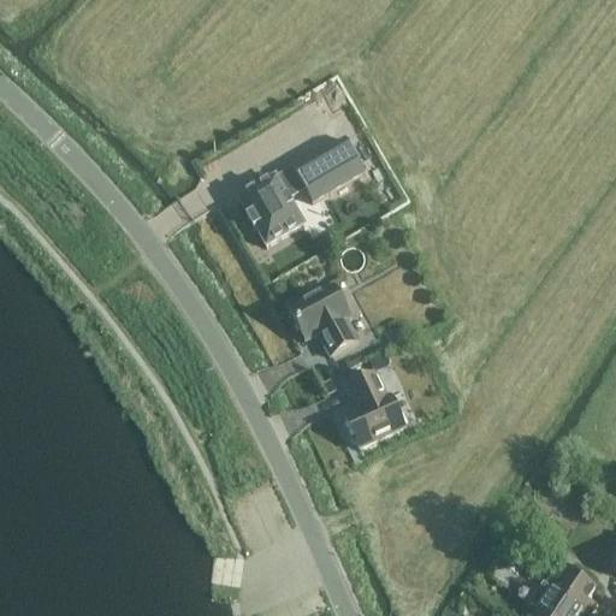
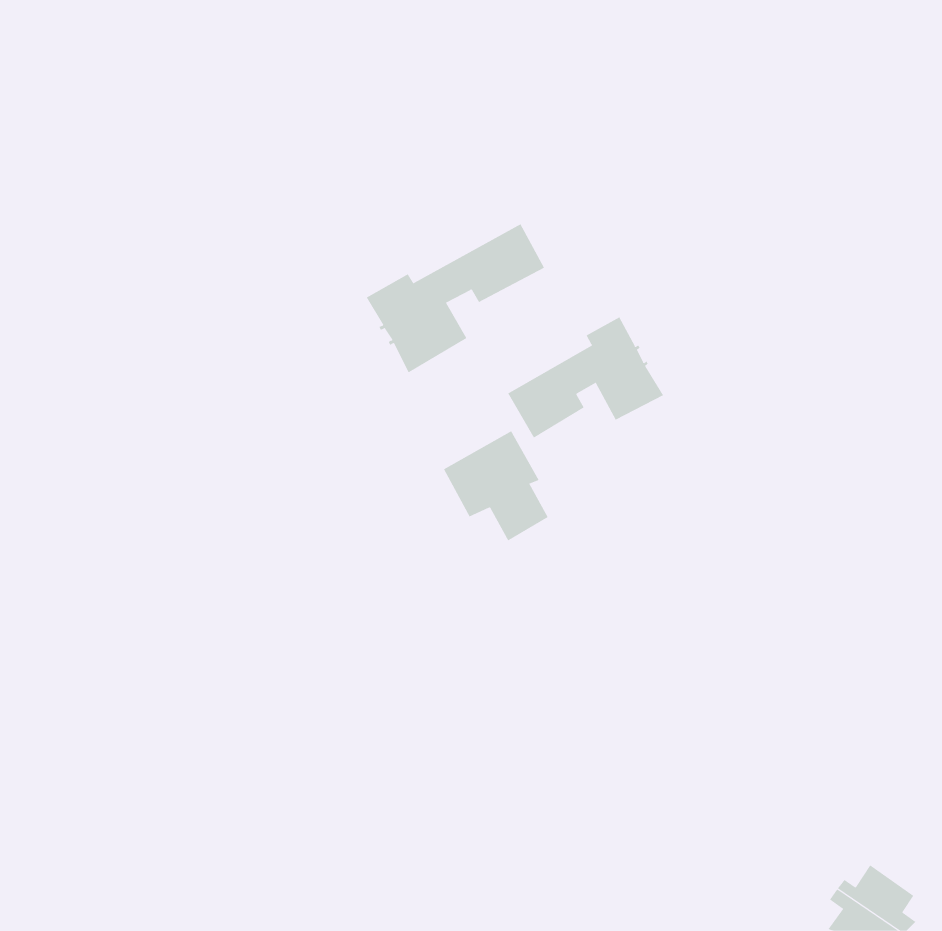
building: none -> [508,316,664,439]
building: [342,371,402,446] -> none

